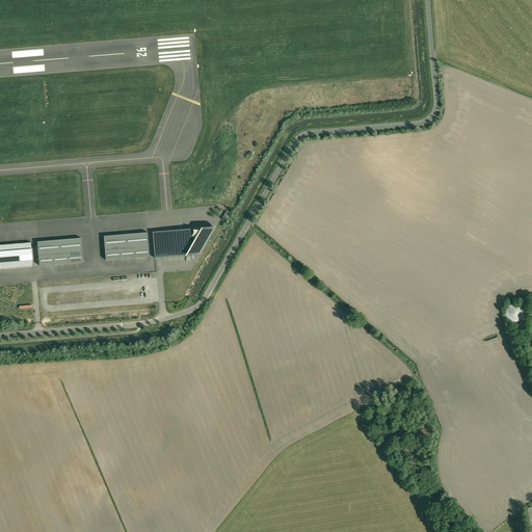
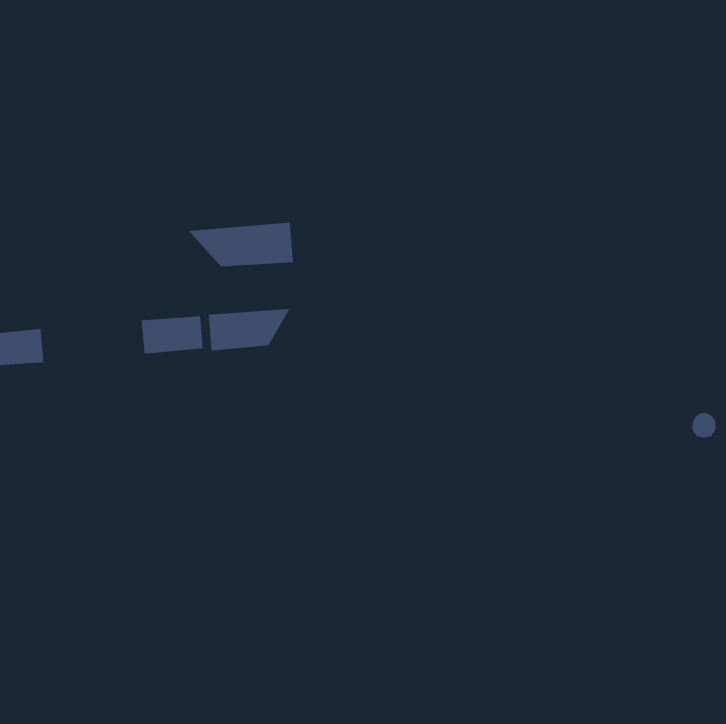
building: none -> [188,222,293,267]
building: [36,236,82,264] -> none

